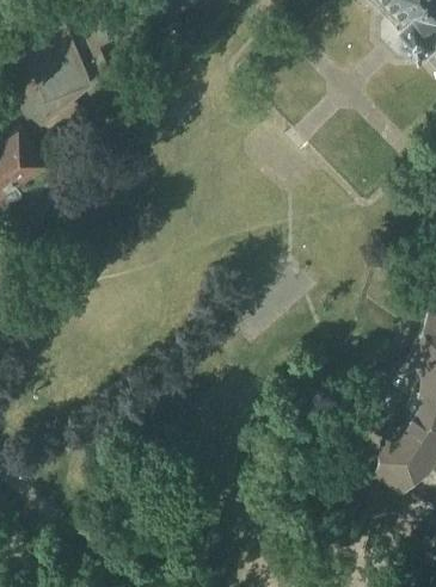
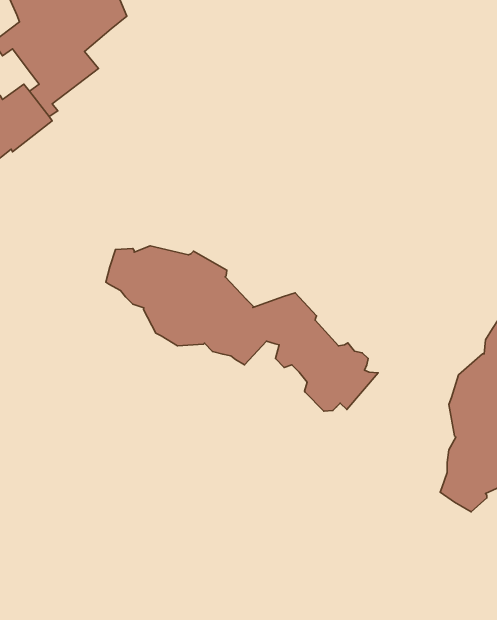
building: none -> [106,246,378,411]

